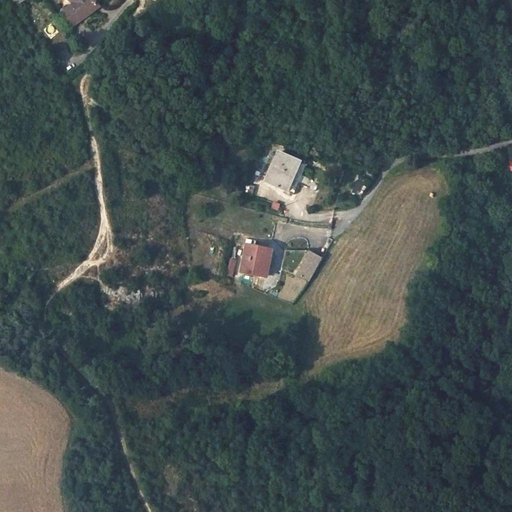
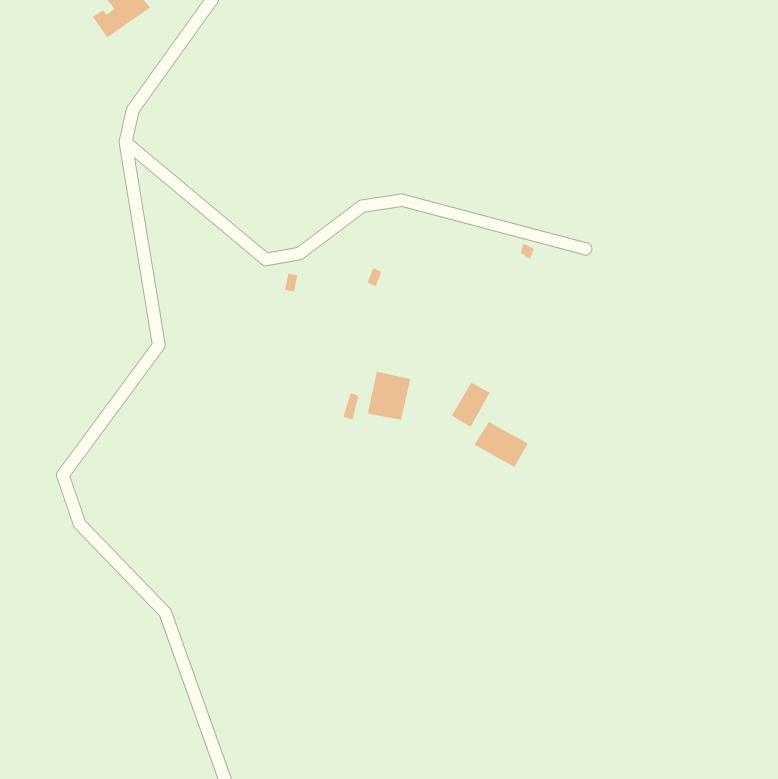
building: [265,151,306,193] -> none
building: none -> [474,421,528,468]

